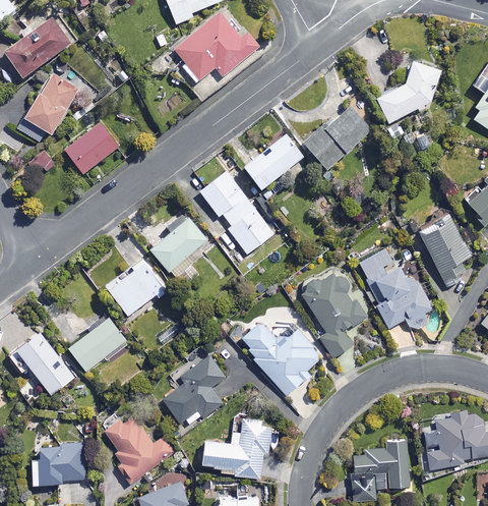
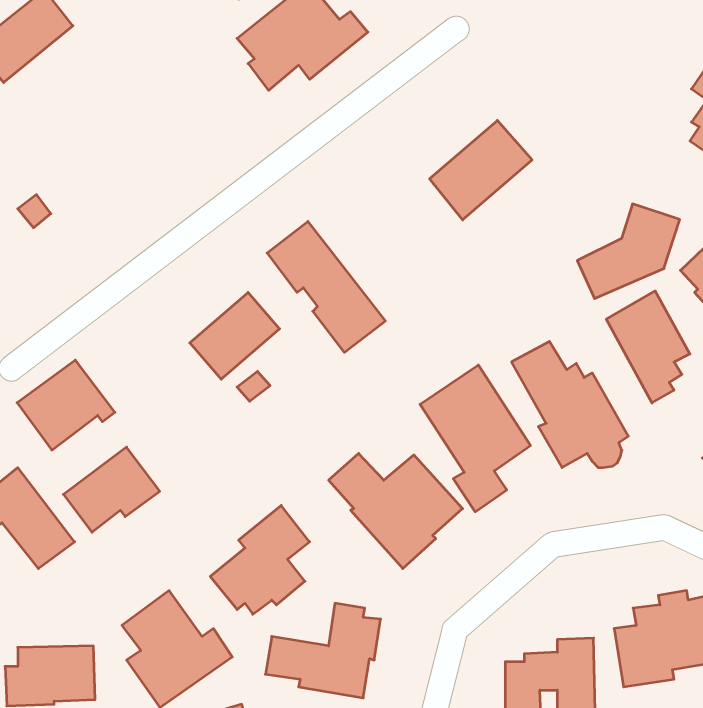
building: [374,60,440,121] -> [577,204,680,299]
building: [30,77,82,136] -> none
building: [69,125,122,176] -> none
building: [242,134,302,188] -> none
building: [105,258,168,316] -> [17,360,115,450]

